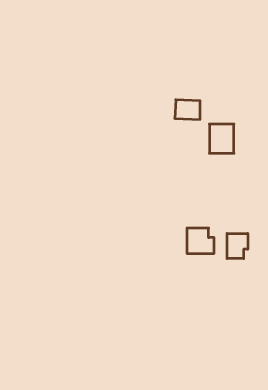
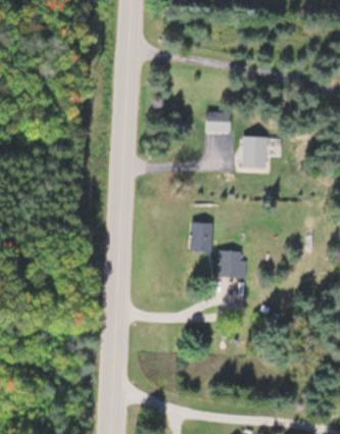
building: none -> [191,222,212,252]
building: [227,233,248,259] -> none

